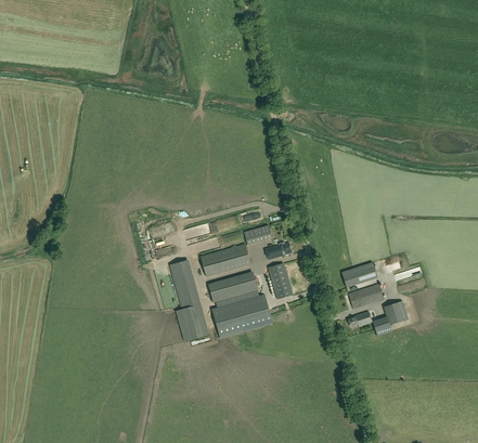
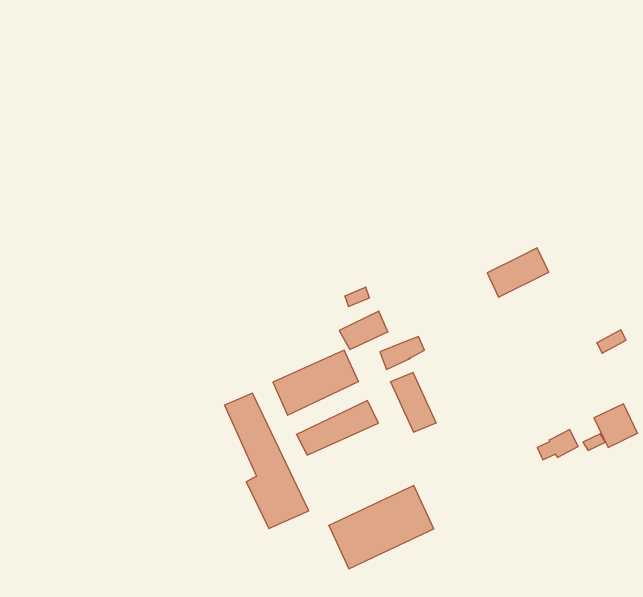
building: [341,262,377,287] -> [487,248,549,297]
building: [348,283,384,308] -> none
building: [211,294,272,336] -> [329,485,434,569]

